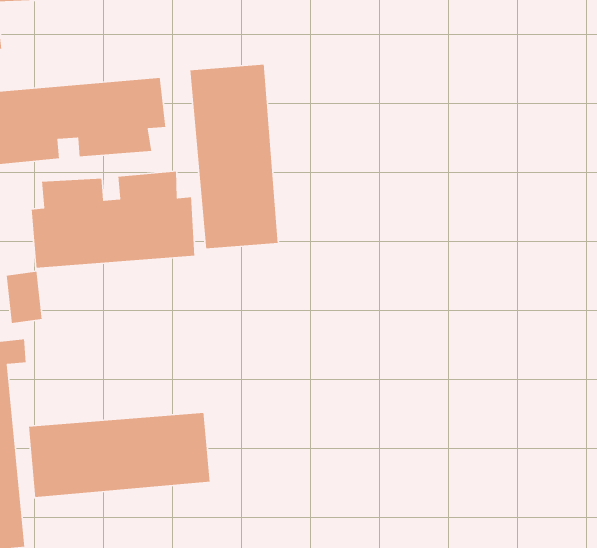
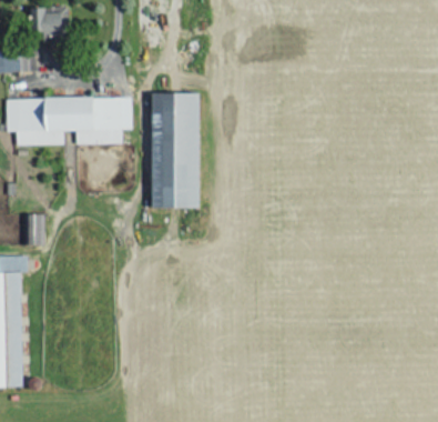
building: [31,171,195,269] -> none
building: [28,412,210,498] -> none

